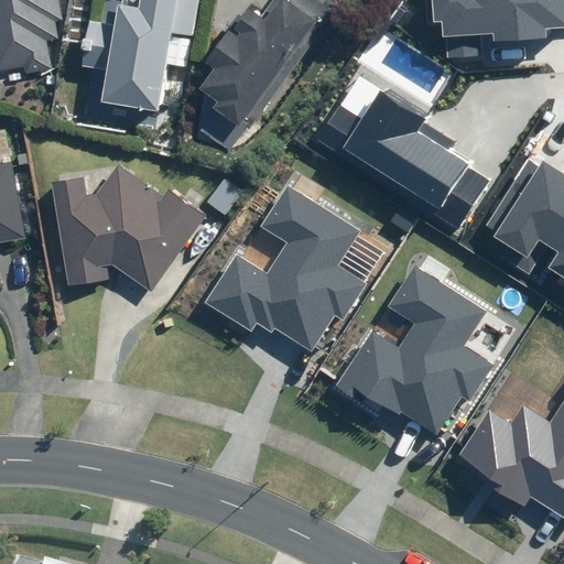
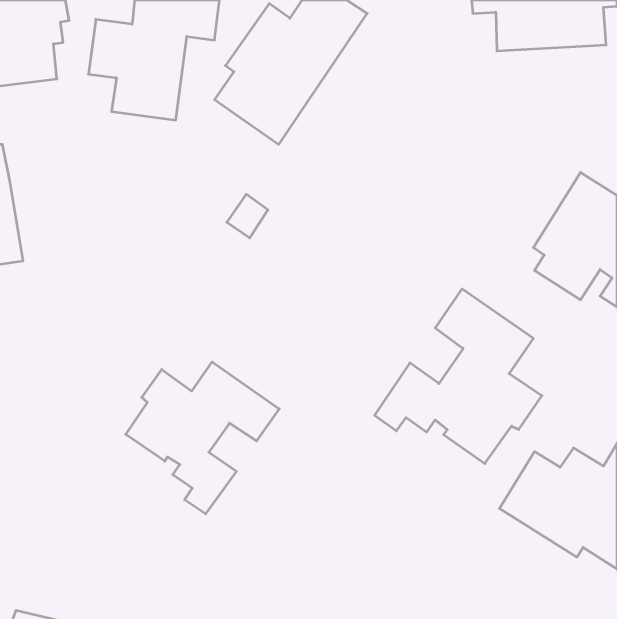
building: [314,93,487,229] -> none
building: [52,166,206,290] -> none
building: [212,183,365,341] -> none
building: none -> [126,362,279,514]

